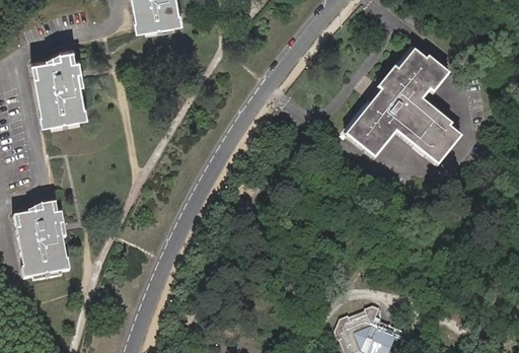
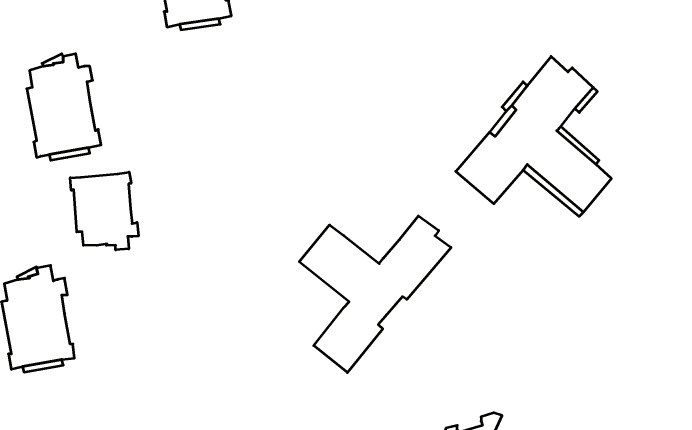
building: none -> [70,172,138,250]
building: none -> [299,216,451,373]

